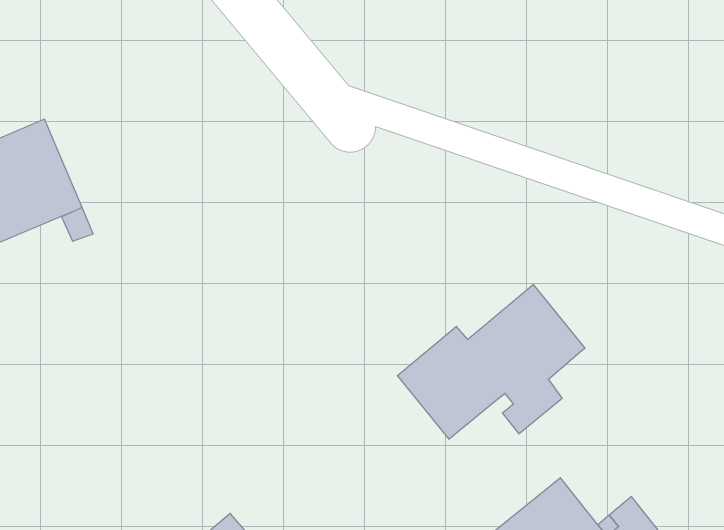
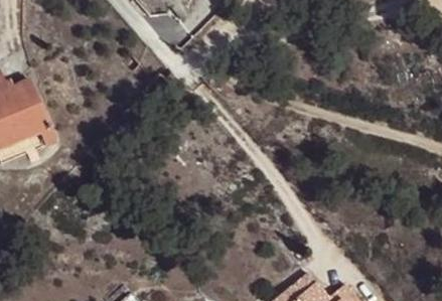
building: [397,284,585,439] -> none

